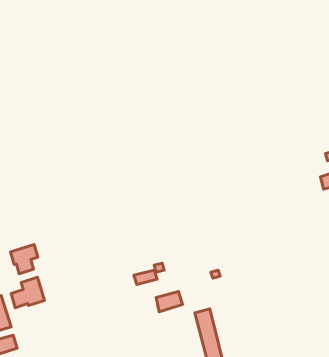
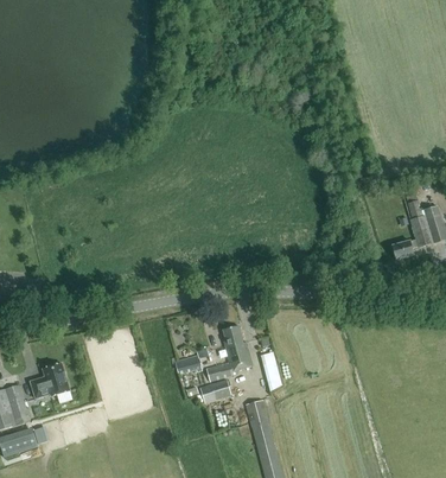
building: [11,244,38,274] -> none
building: none -> [206,326,253,381]

